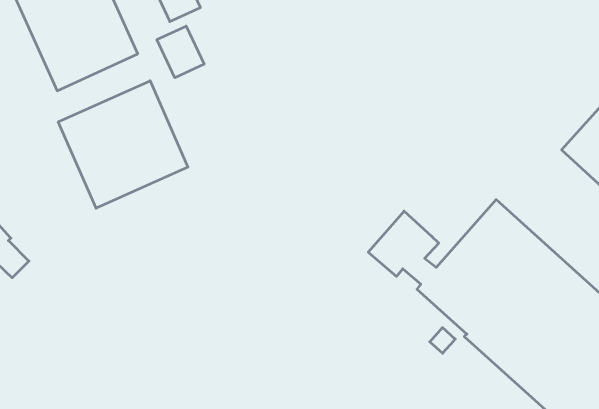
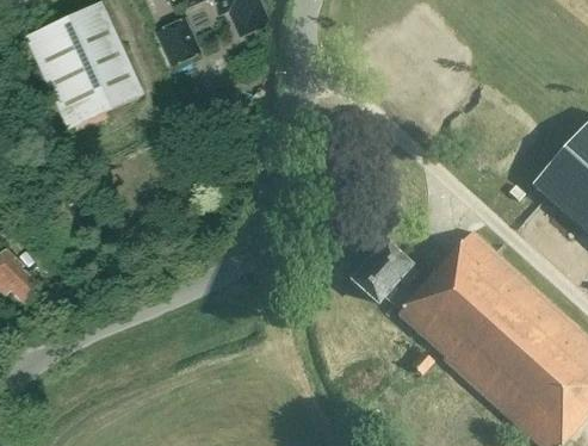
building: [157,26,204,78] -> none
building: [58,81,188,208] -> none

